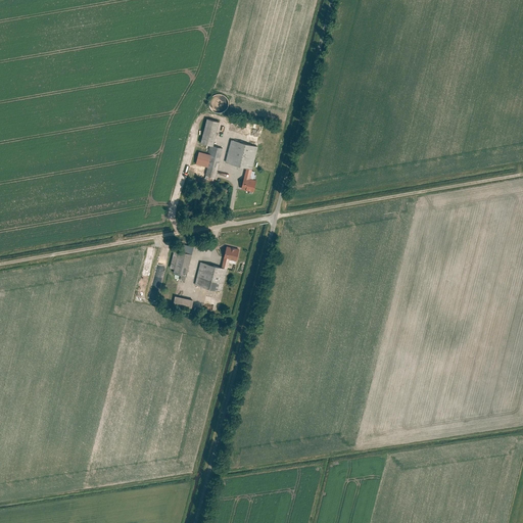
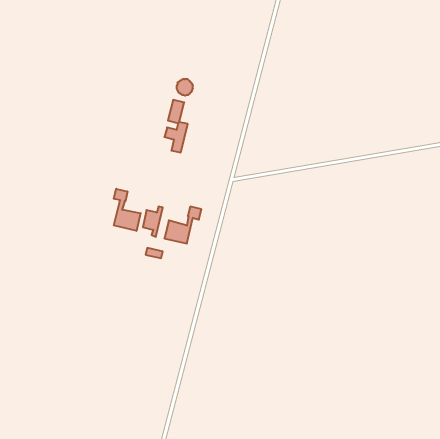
building: [226,141,259,195] -> none
building: none -> [114,189,141,231]

